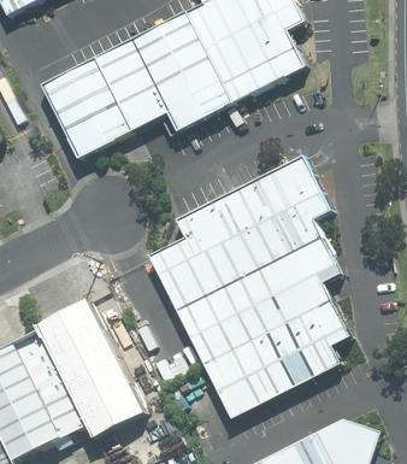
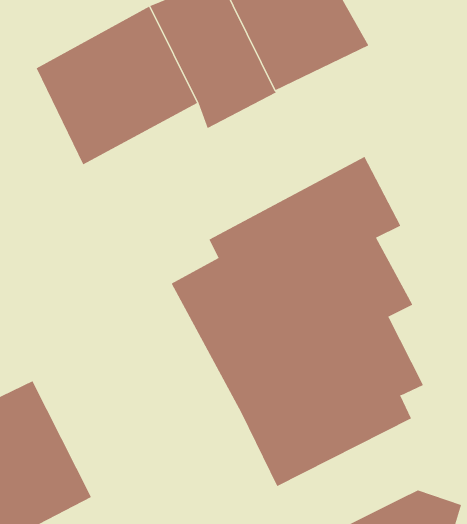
building: [37,300,143,437] -> none

